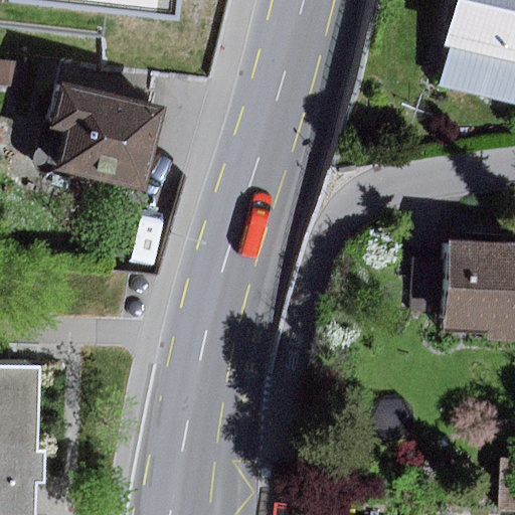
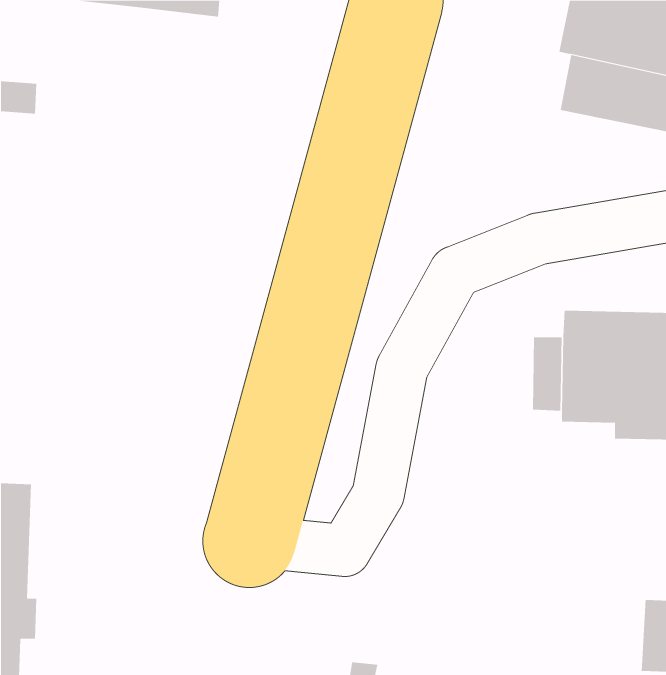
building: [62,90,177,194] -> none

